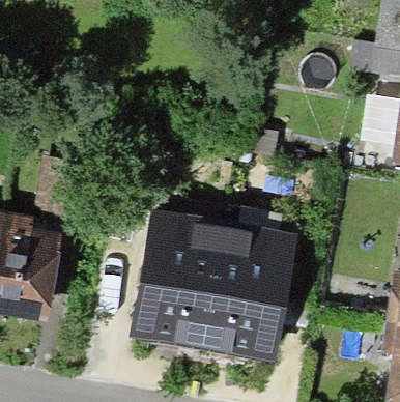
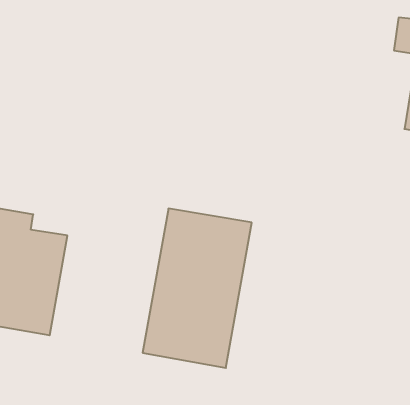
building: [203,221,298,363] -> none

